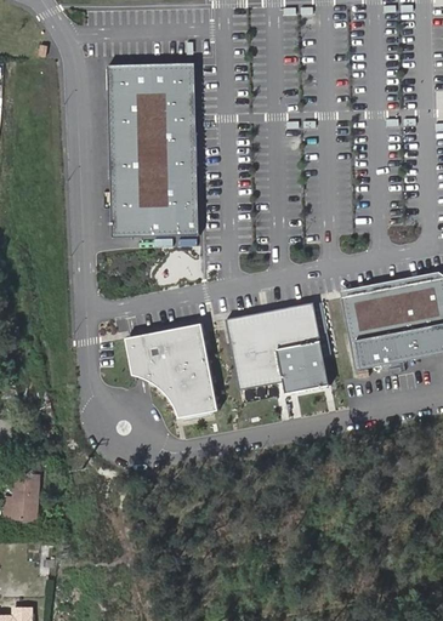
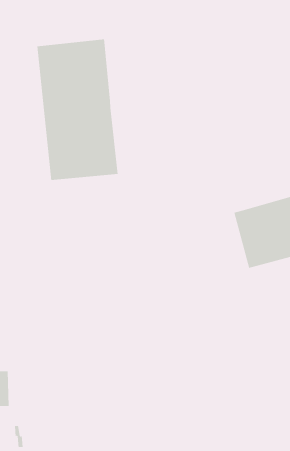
building: [226,301,330,393] -> none
building: [125,321,218,416] -> none

